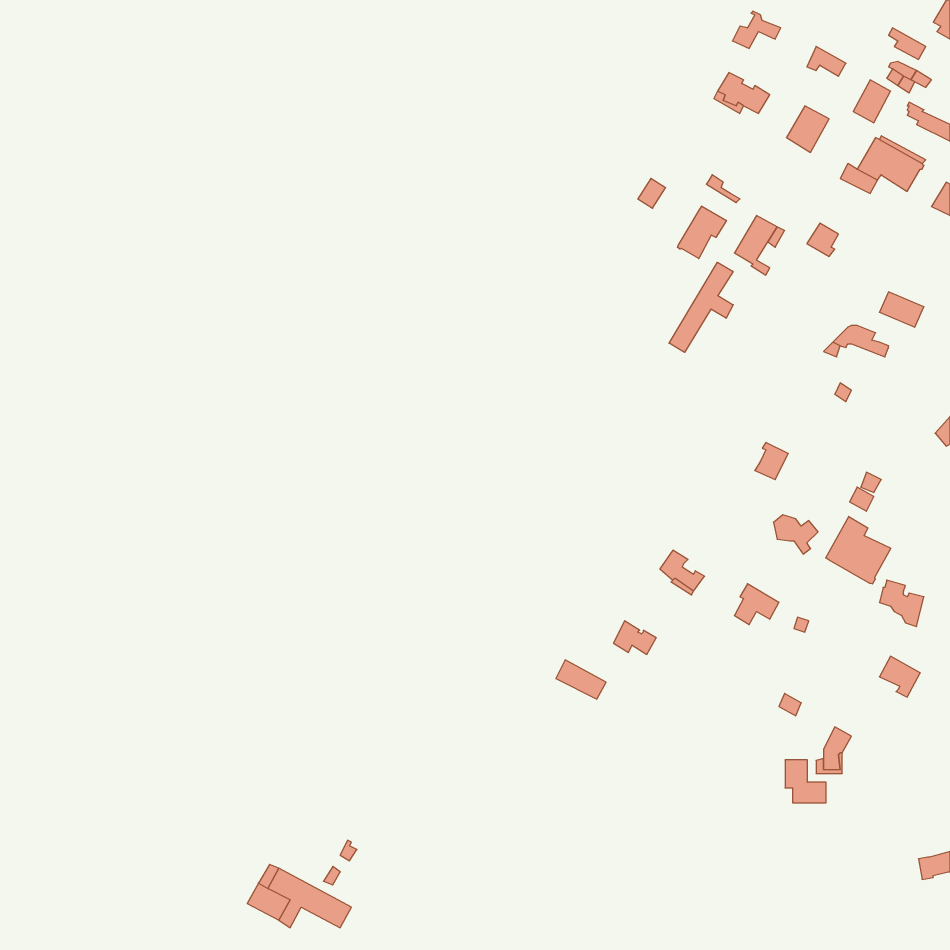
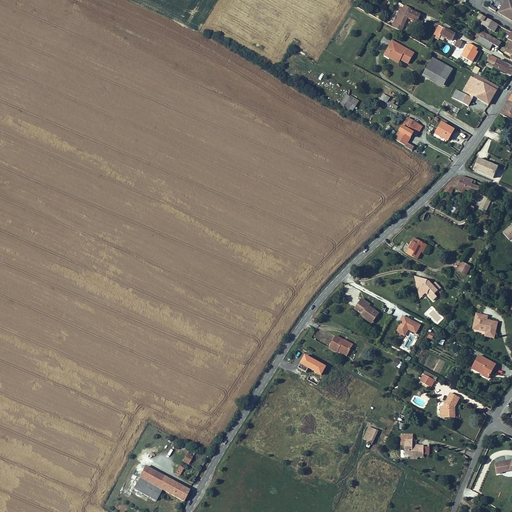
building: [677,206,726,259] -> none
building: [669,262,733,352] -> none
building: [826,516,891,584] -> none
building: [785,760,826,803] -> [400,434,422,457]

